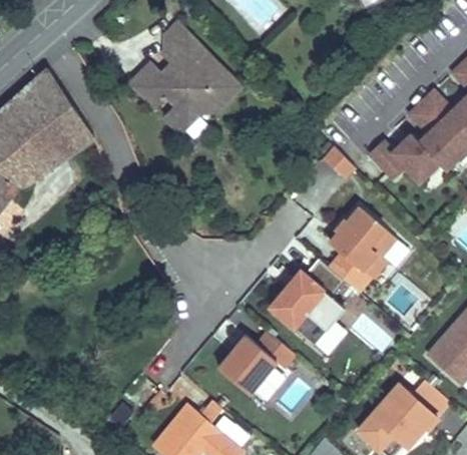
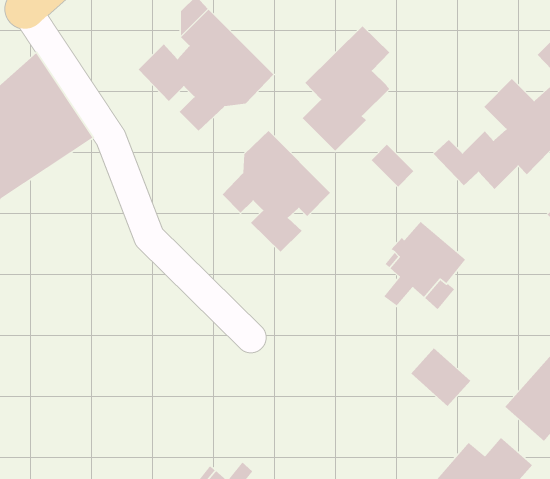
building: none -> [302,25,390,152]
building: none -> [222,130,331,253]
building: [270,258,346,344] -> none
building: [219,331,296,393] -> none

